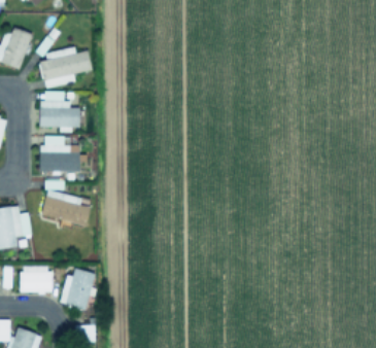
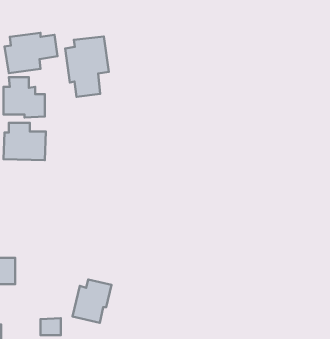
building: none -> [65,36,109,97]
building: [40,189,91,227] -> none
building: [59,269,97,311] -> [72,279,112,323]

